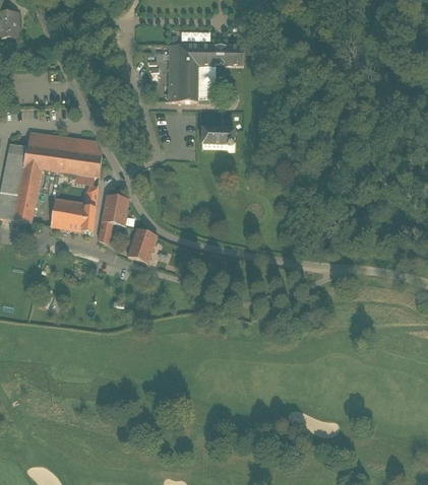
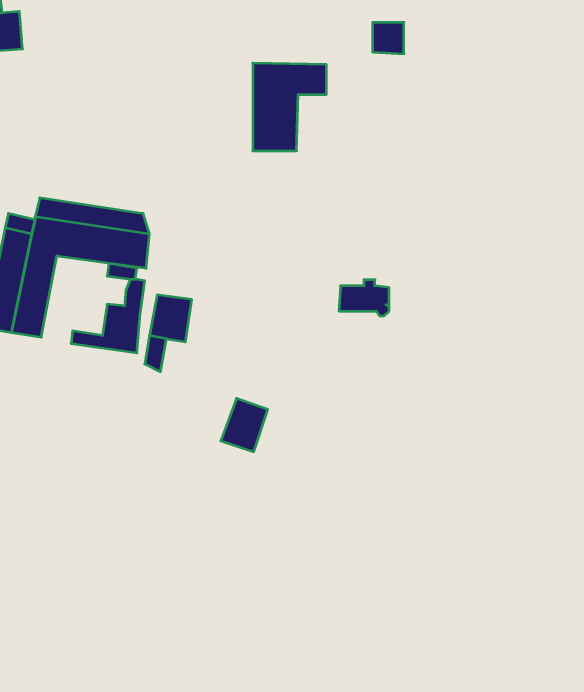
building: [224,45,244,65] -> [373,22,404,54]
building: [202,125,235,148] -> [339,280,389,316]
building: [52,197,74,220] -> none
building: [127,227,158,262] -> [221,398,268,452]

